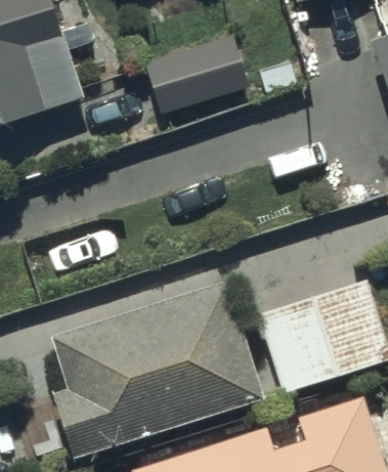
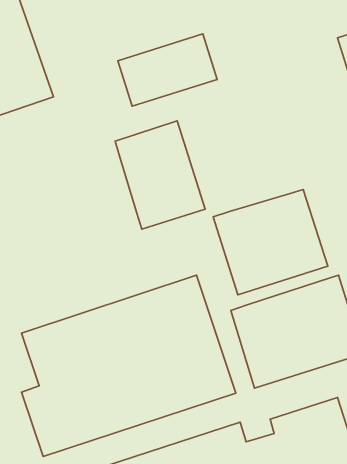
building: none -> [115,121,205,229]
building: none -> [213,190,328,295]

